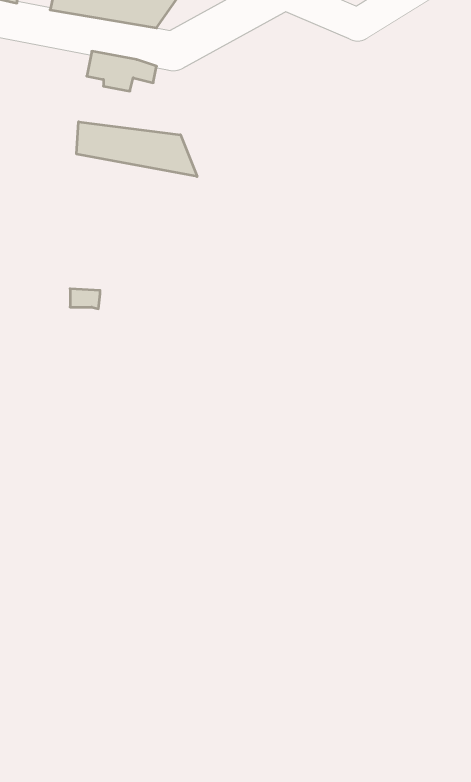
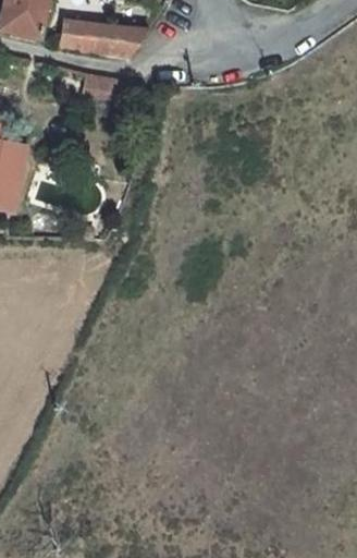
building: [77,122,197,177] -> none

